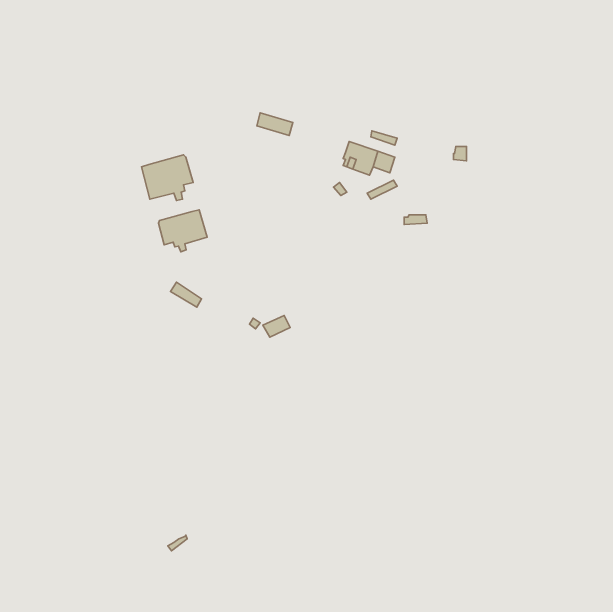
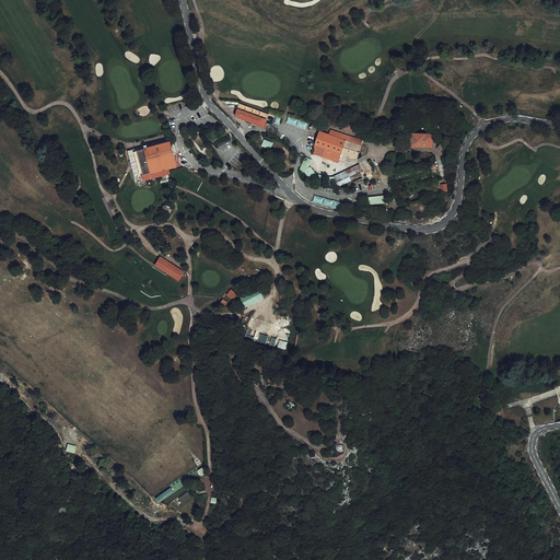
building: [159,210,207,252] -> none

